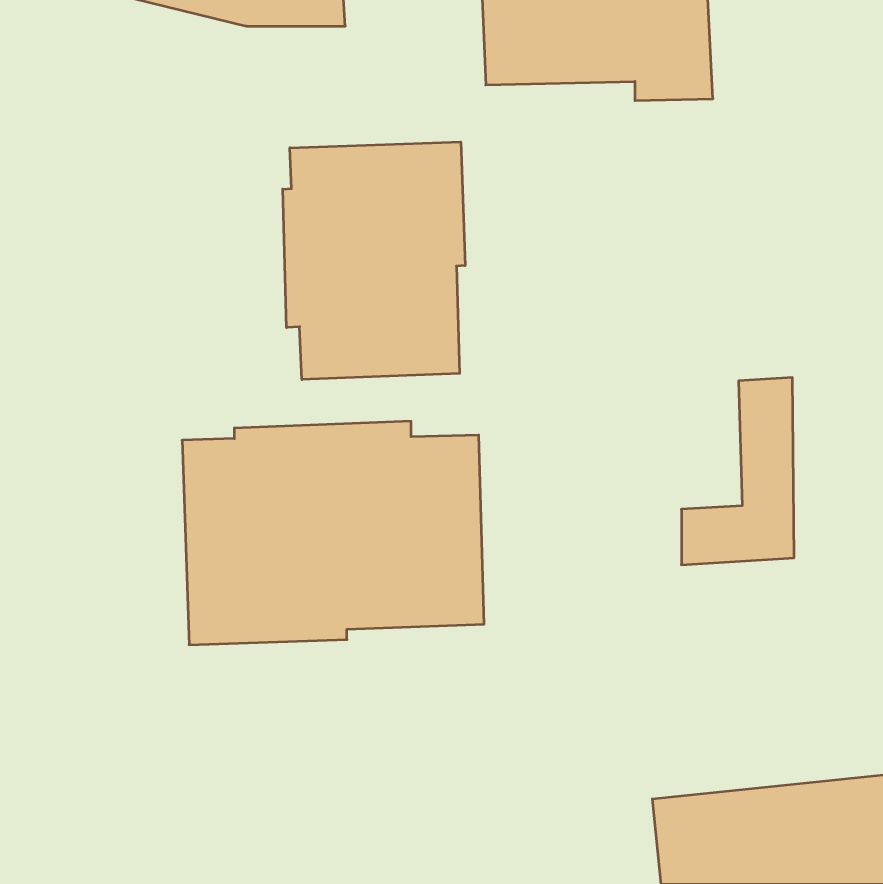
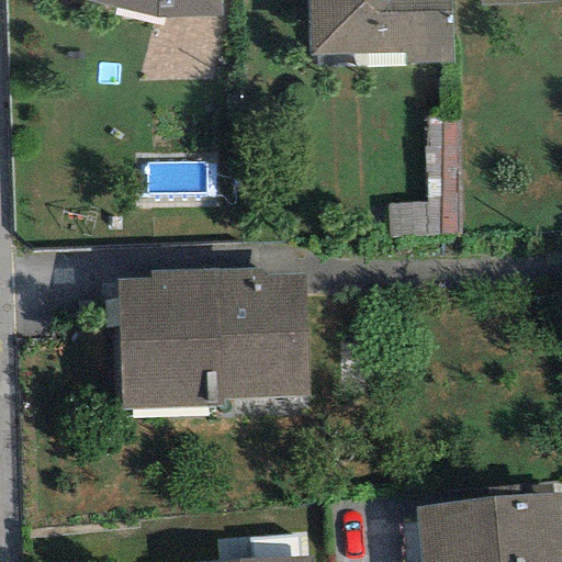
building: [283,142,465,380] -> none
building: [681,378,794,565] -> [389,121,460,239]

